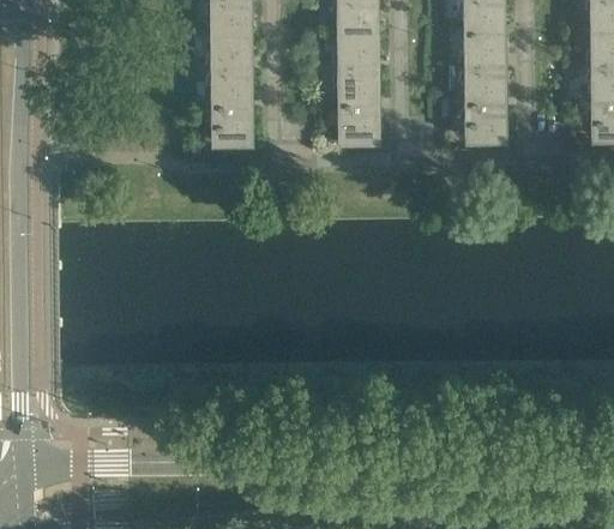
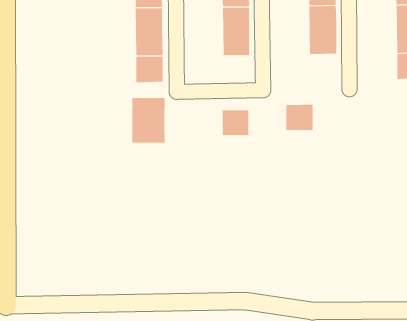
building: [464,106,505,144] -> [285,104,313,131]
building: [338,108,378,145] -> [222,110,249,135]
building: none -> [132,97,165,144]

